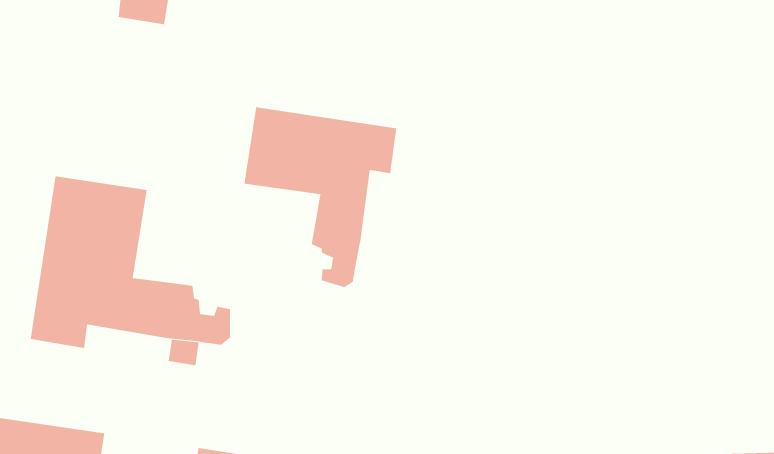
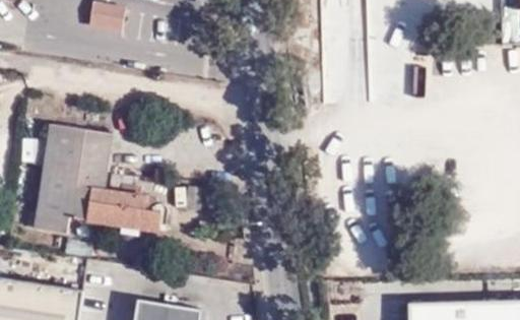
building: [244,106,397,288] -> none

